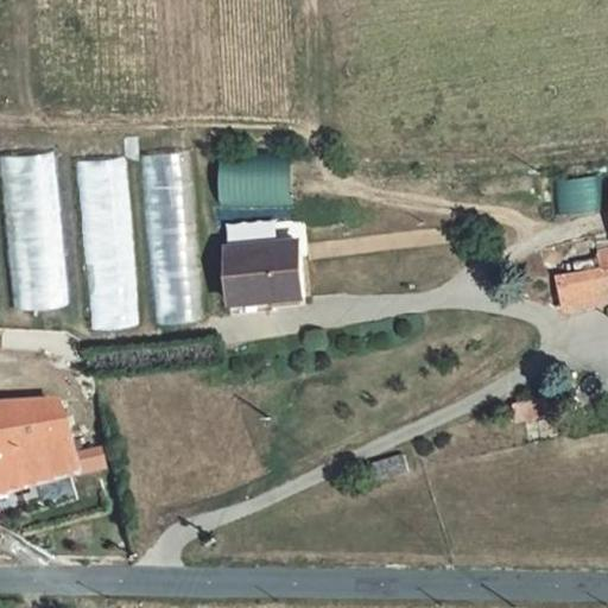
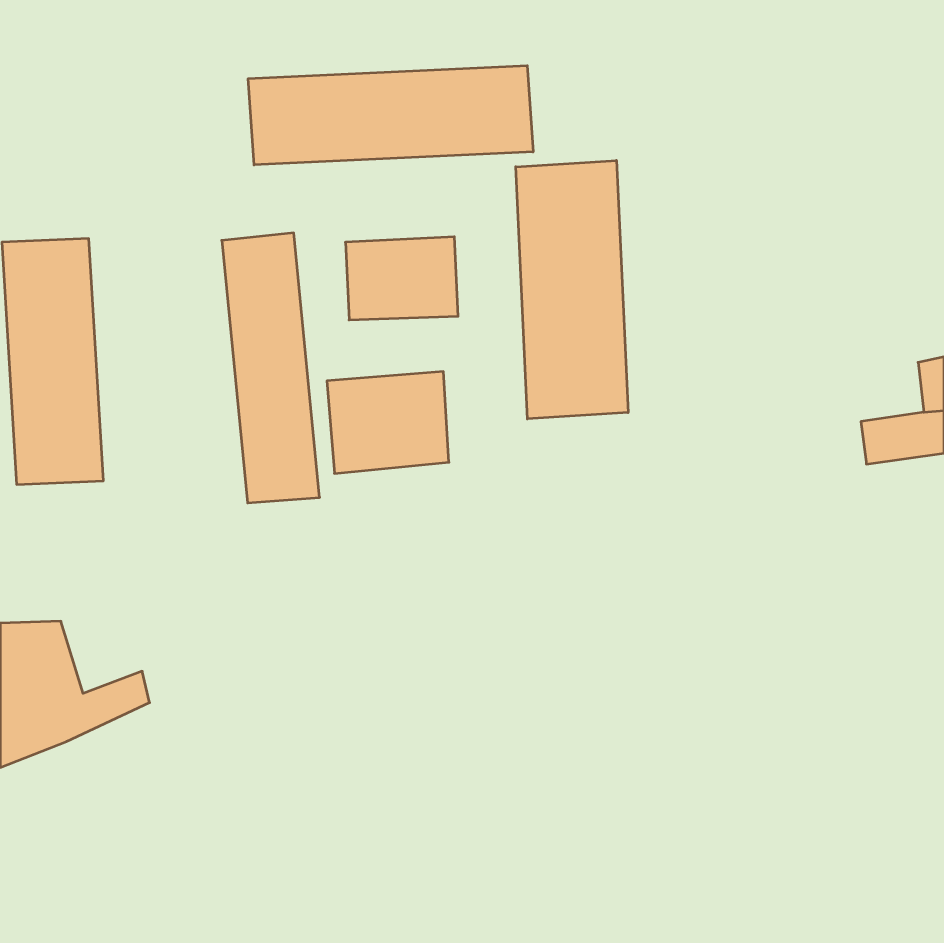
building: none -> [248,66,533,165]
building: none -> [516,160,628,419]
building: [80,159,137,329] -> none

